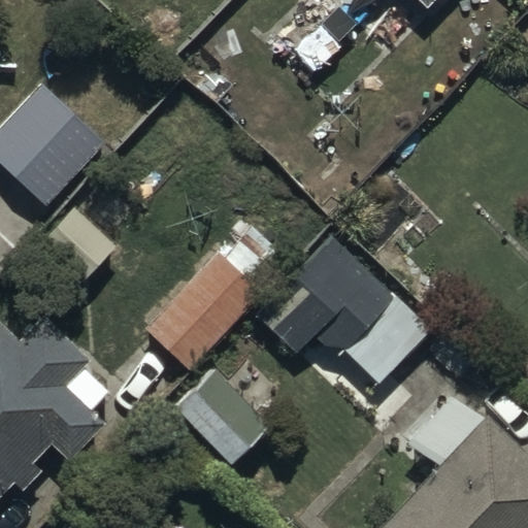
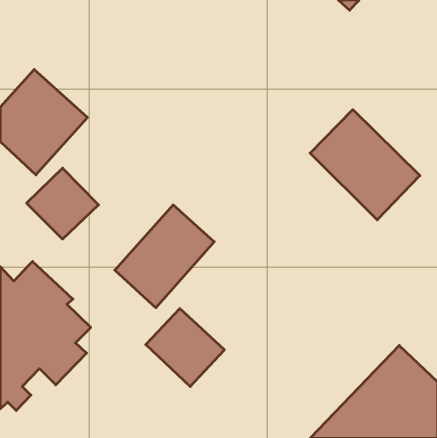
building: none -> [310,110,420,220]
building: [264,237,395,357] -> none

